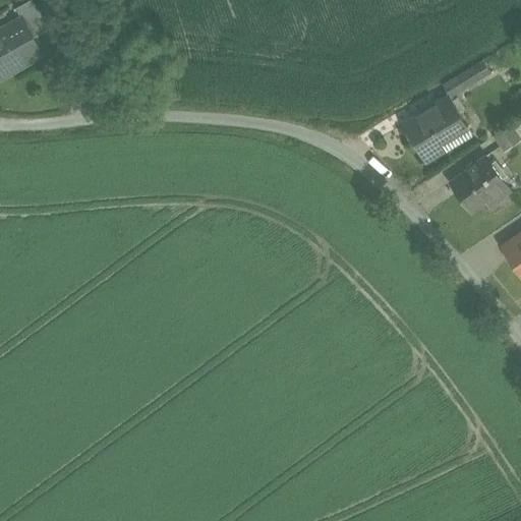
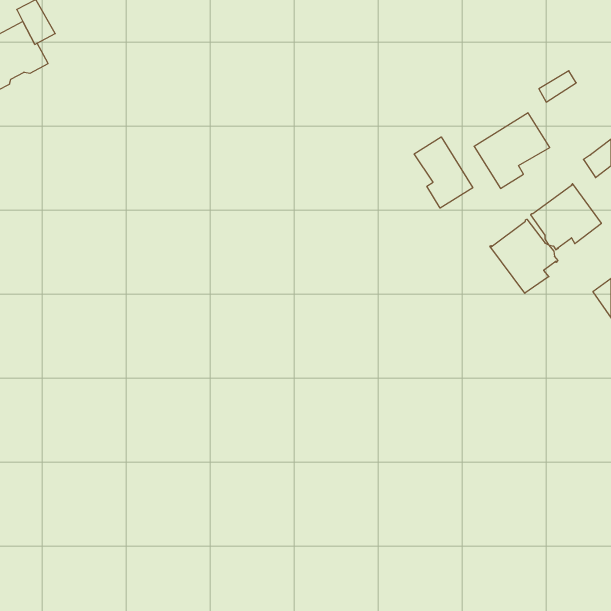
building: none -> [414,137,473,208]
building: none -> [490,219,558,293]

